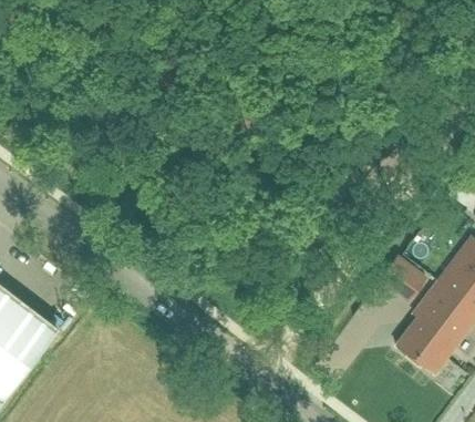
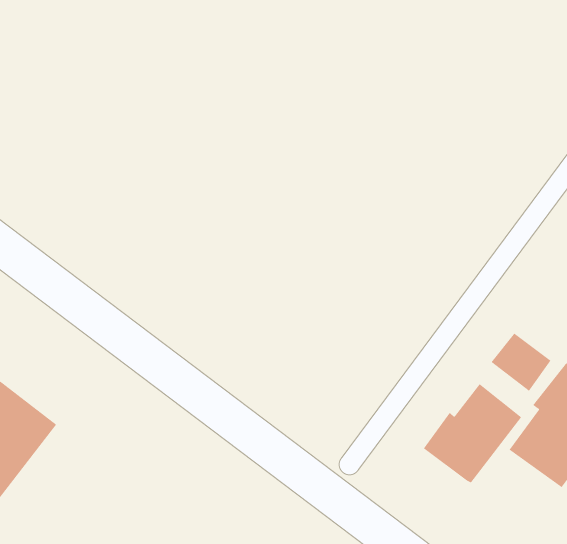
building: none -> [423,383,522,484]

